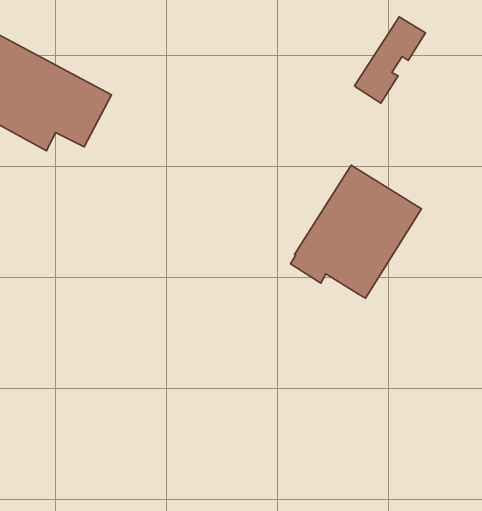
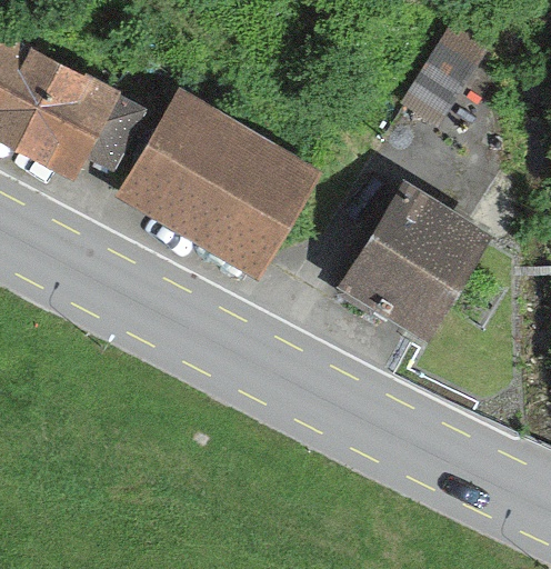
building: none -> [132,110,304,262]

